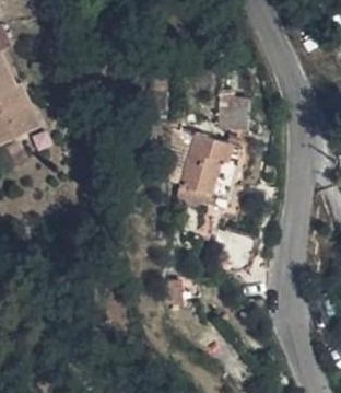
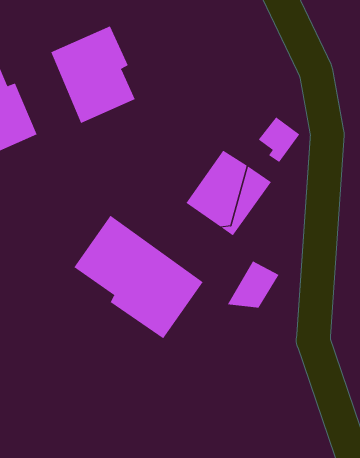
building: none -> [50,26,135,124]
building: none -> [74,215,203,339]

